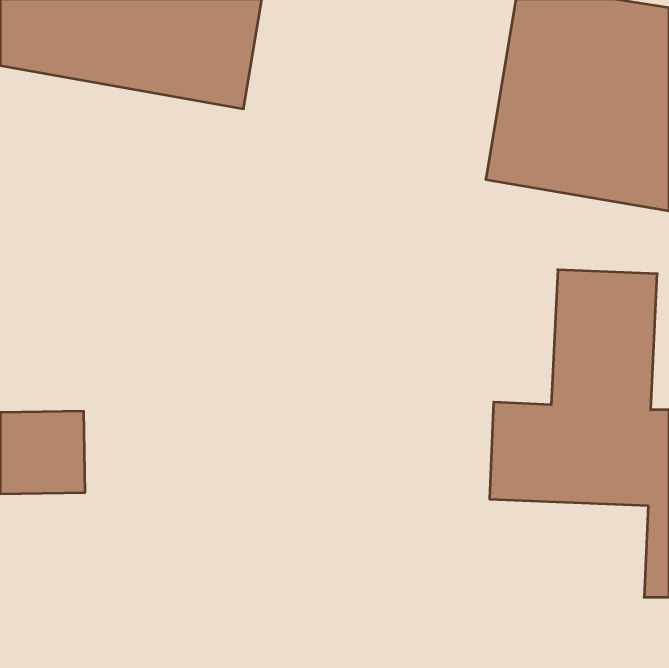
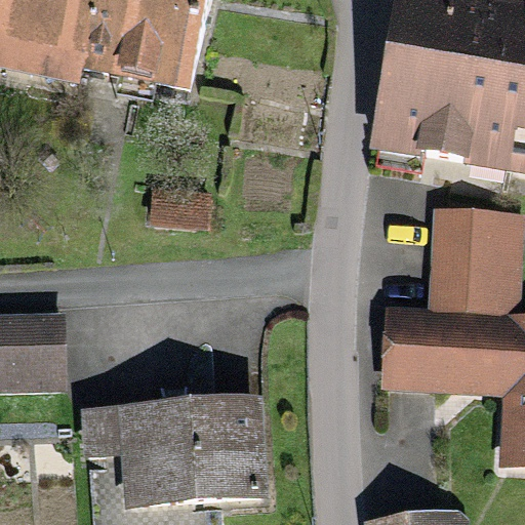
building: none -> [82,407,262,490]

